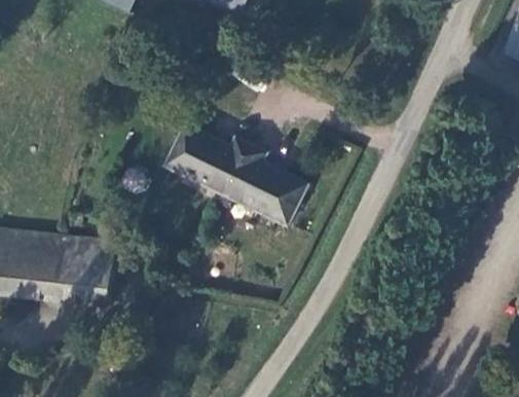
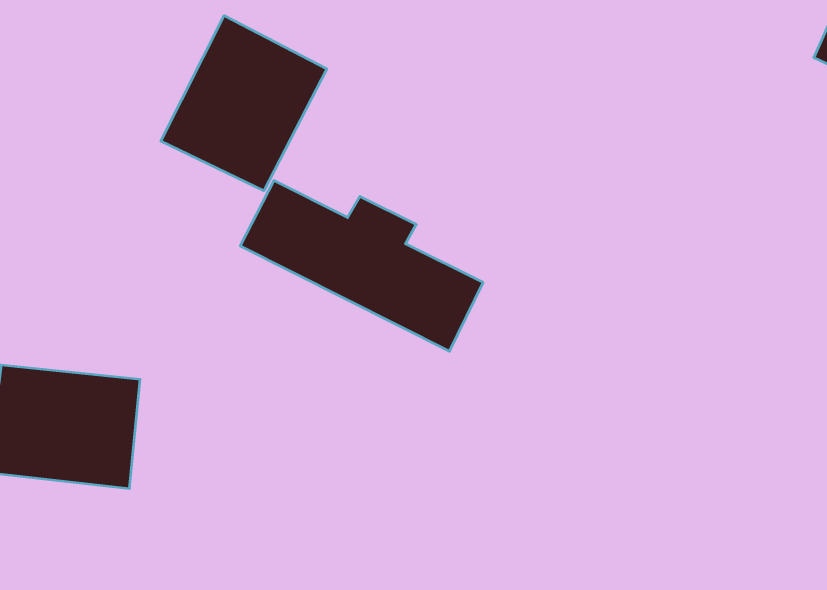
building: none -> [161,16,327,191]

